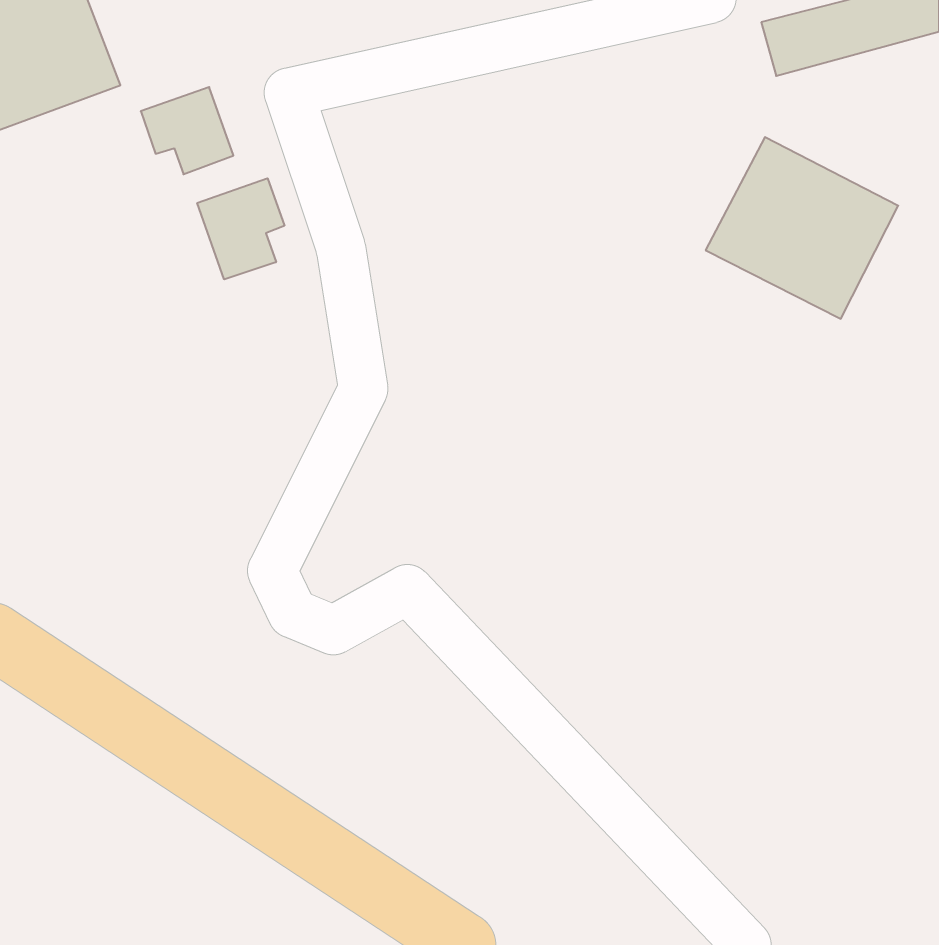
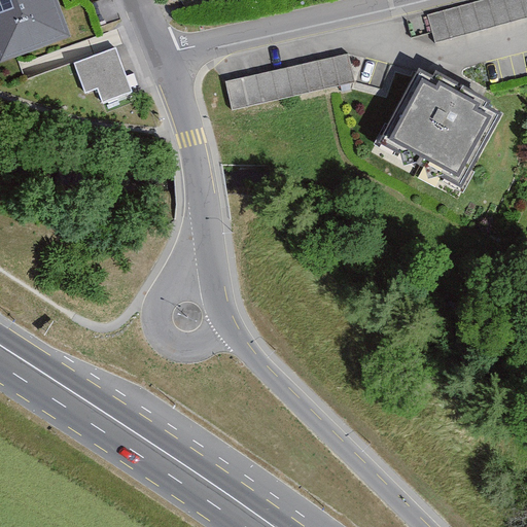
building: none -> [222,51,351,108]
building: [197,178,284,279] -> none

